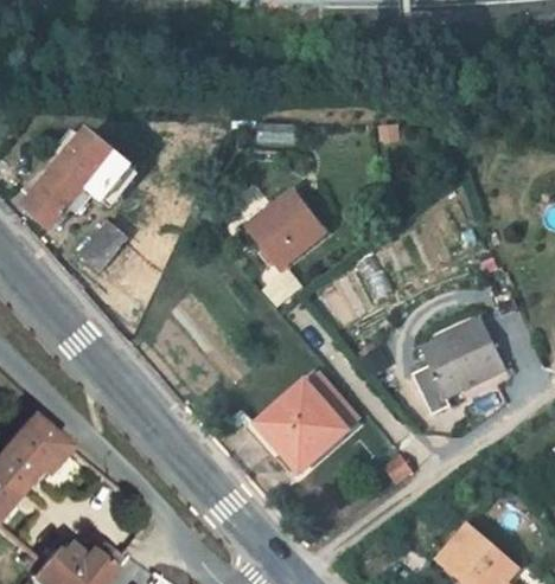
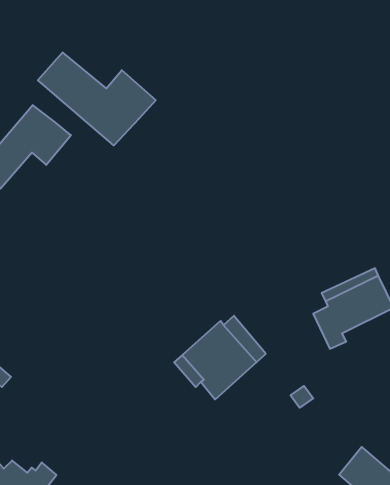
building: none -> [38,52,156,145]
building: [249,191,326,267] -> none
building: [81,220,128,270] -> none

